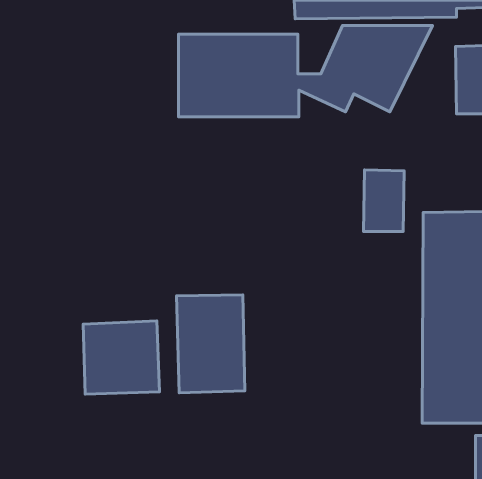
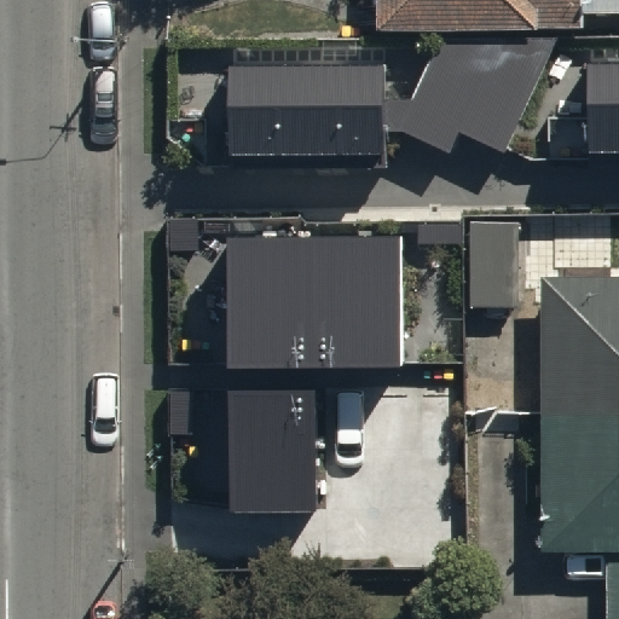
building: none -> [227,236,399,364]
building: [83,321,160,394] -> none

